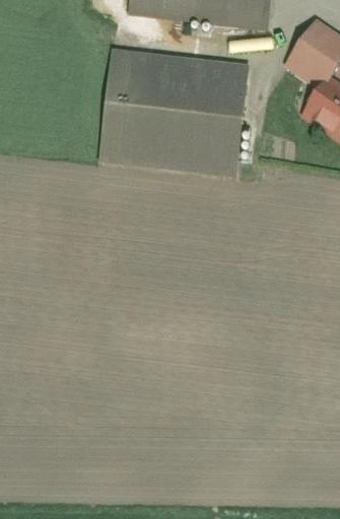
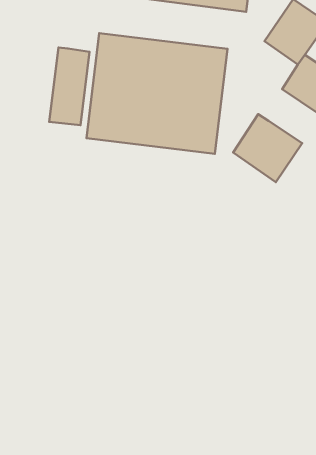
building: none -> [49,48,89,125]
building: none -> [233,114,302,182]

